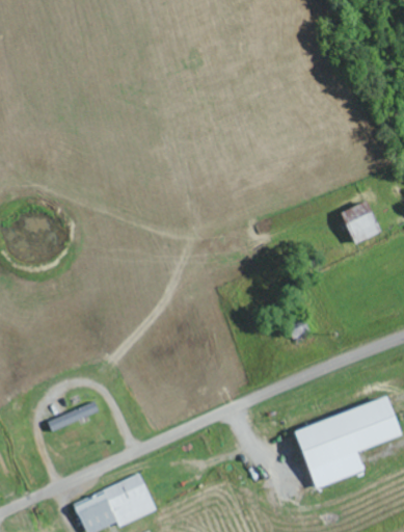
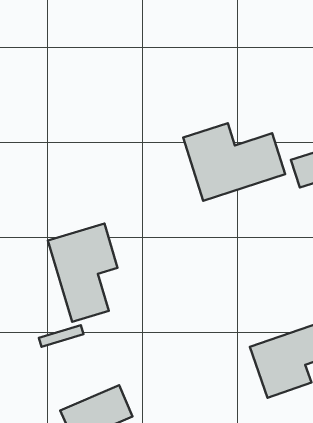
building: none -> [183,123,285,201]
building: none -> [48,224,118,322]

